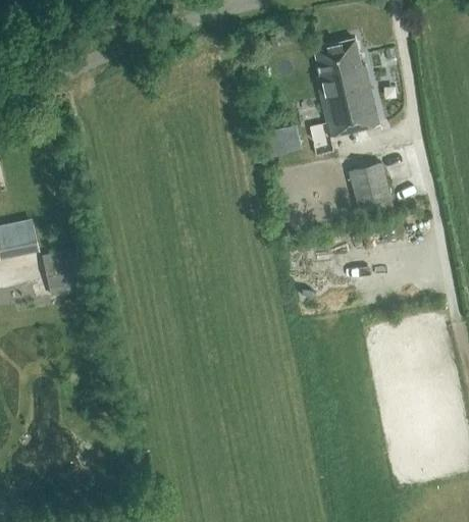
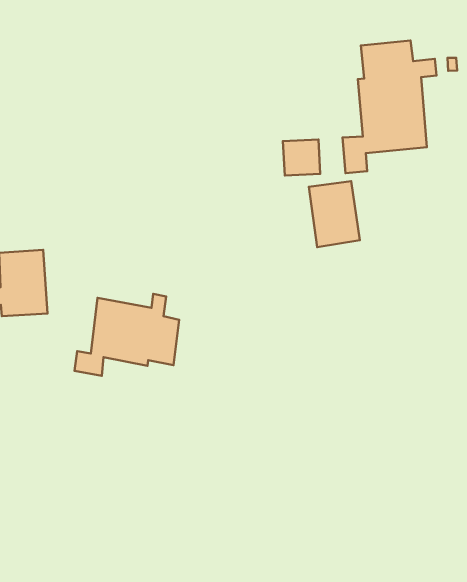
building: [349,161,396,218] -> [309,181,360,247]
building: none -> [75,294,179,376]

